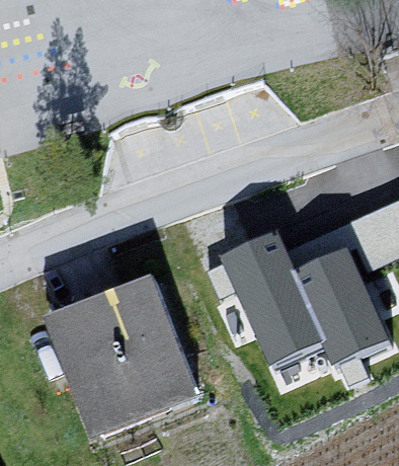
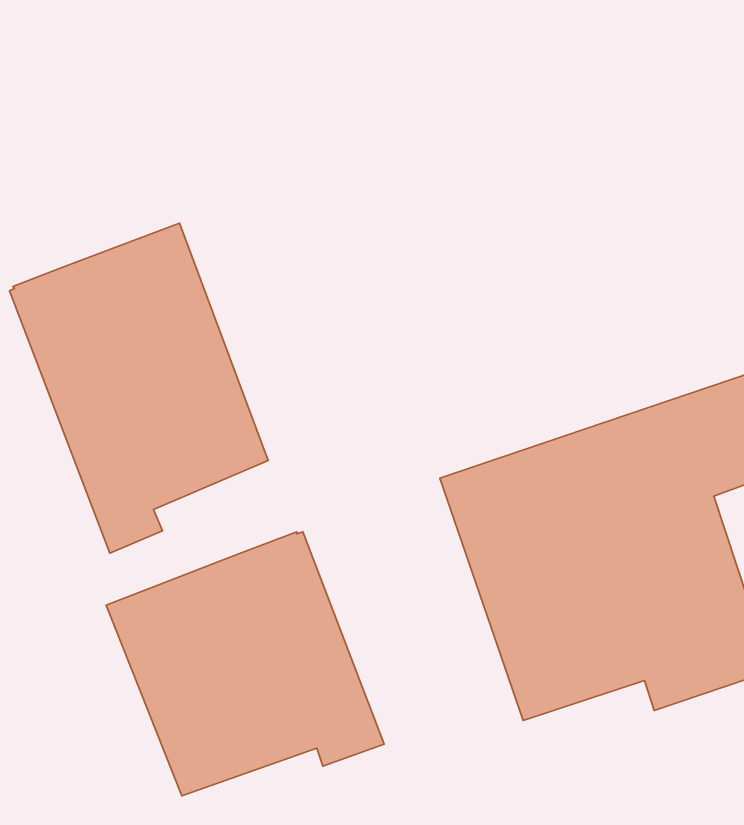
building: none -> [9,223,268,553]

